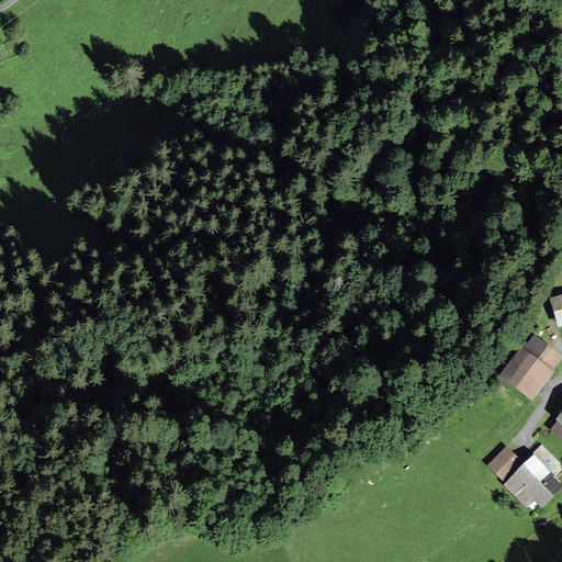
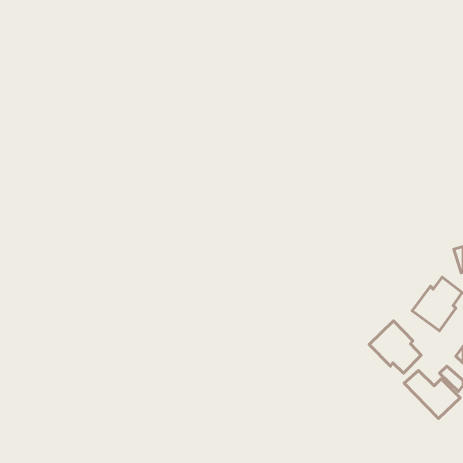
building: none -> [369,321,421,373]

